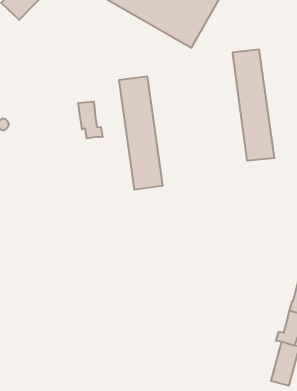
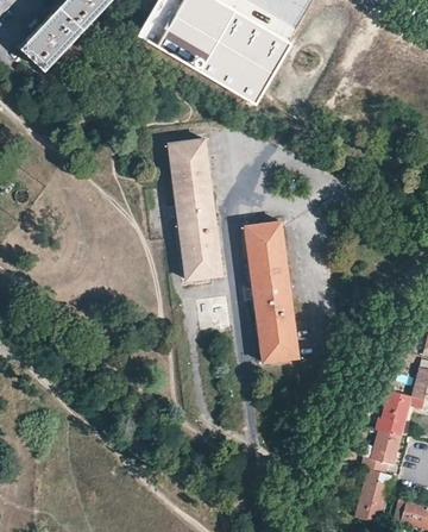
building: [233,50,275,161] -> [245,223,297,361]
building: [78,102,103,138] -> none

